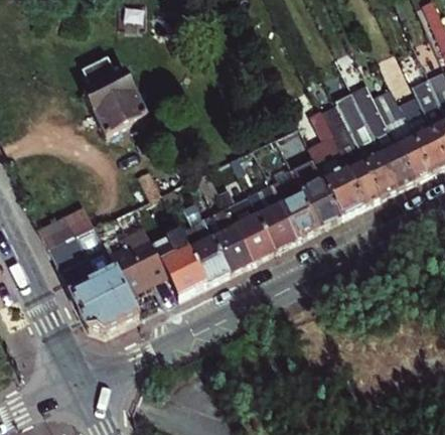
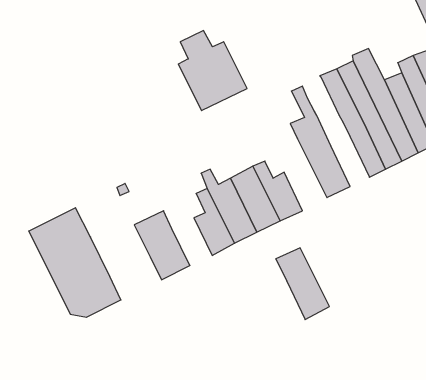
building: [82,57,150,137] -> [178,31,247,111]
building: [320,97,387,205] -> none
building: [291,158,344,230] -> [276,248,329,320]
building: [38,206,95,250] -> none
building: [190,219,231,284] -> none
building: [110,227,169,295] -> none

